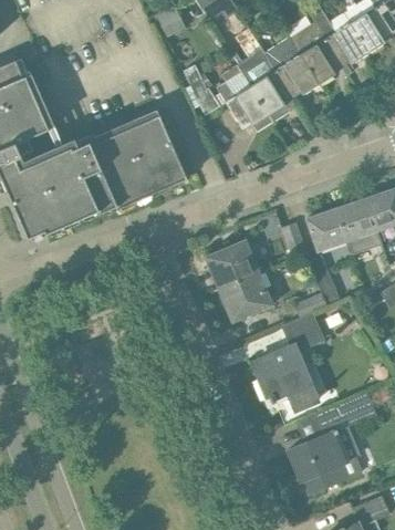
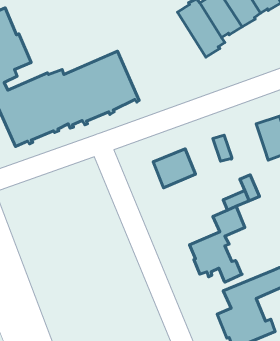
building: [185,64,273,132] -> none
building: [306,207,349,251] -> none
building: [219,271,273,321] -> none

